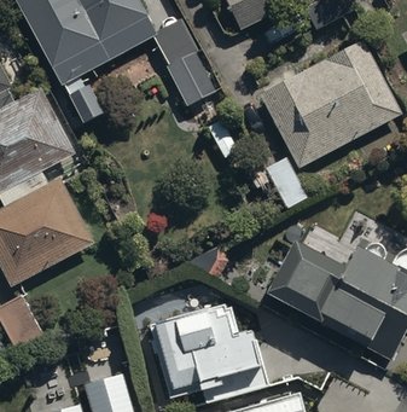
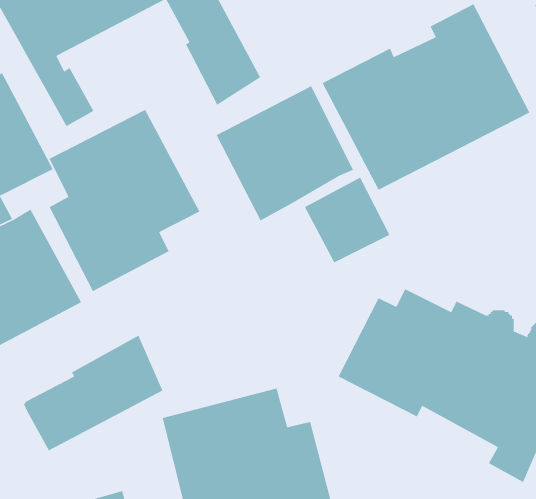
building: none -> [215,85,354,222]
building: none -> [48,109,201,292]
building: none -> [23,335,163,451]

